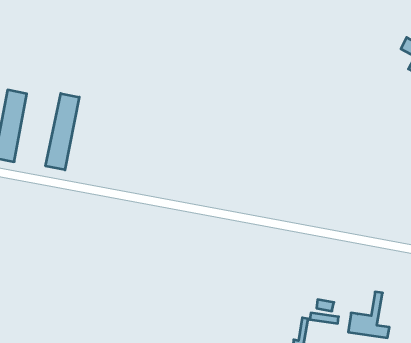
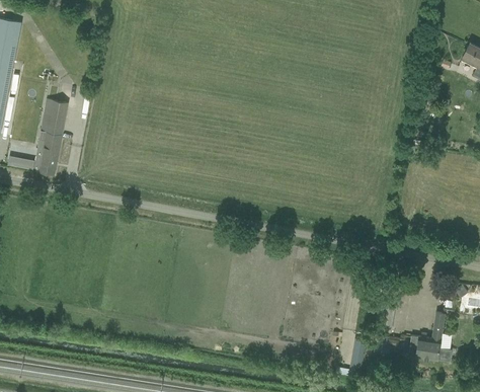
building: [46,93,79,170] -> none

